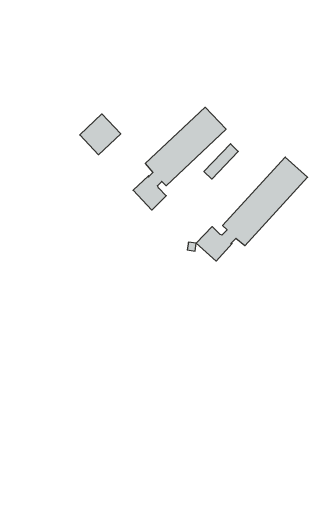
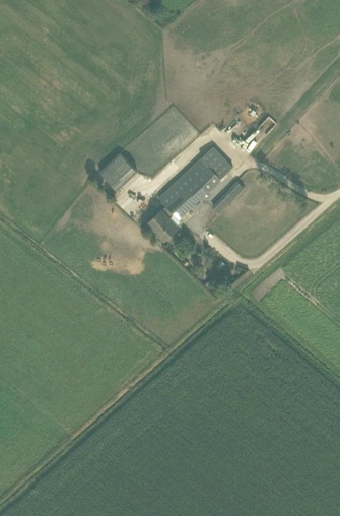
building: [196,157,308,261] -> none

